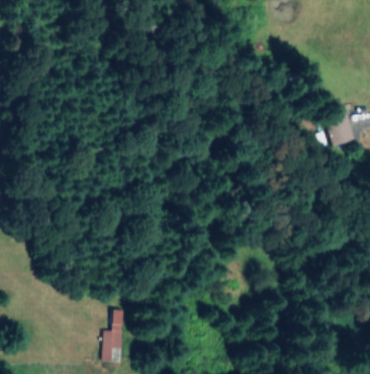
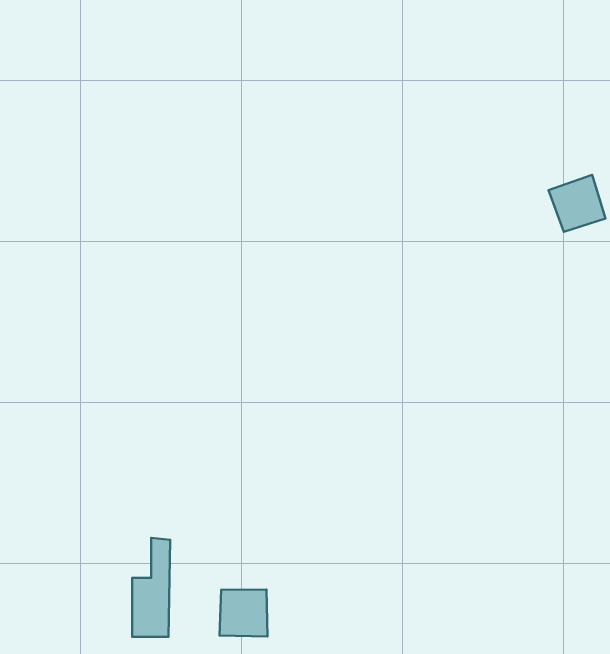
building: none -> [220,590,268,637]

